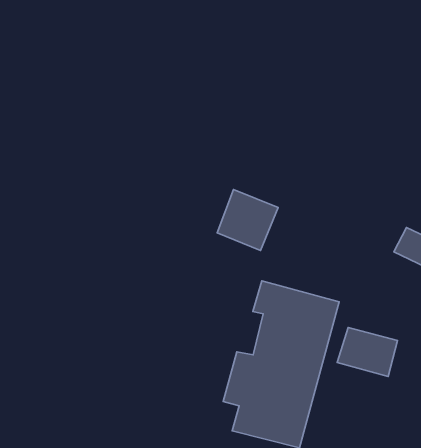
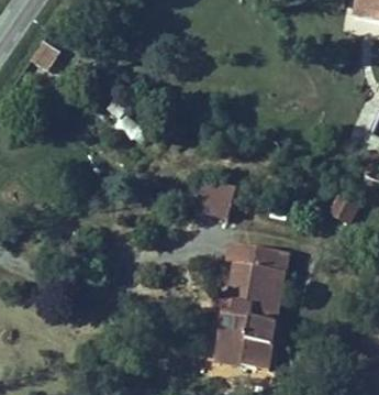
building: [337,327,398,377] -> none

